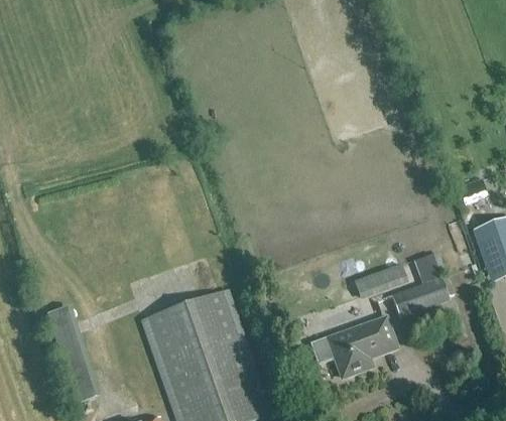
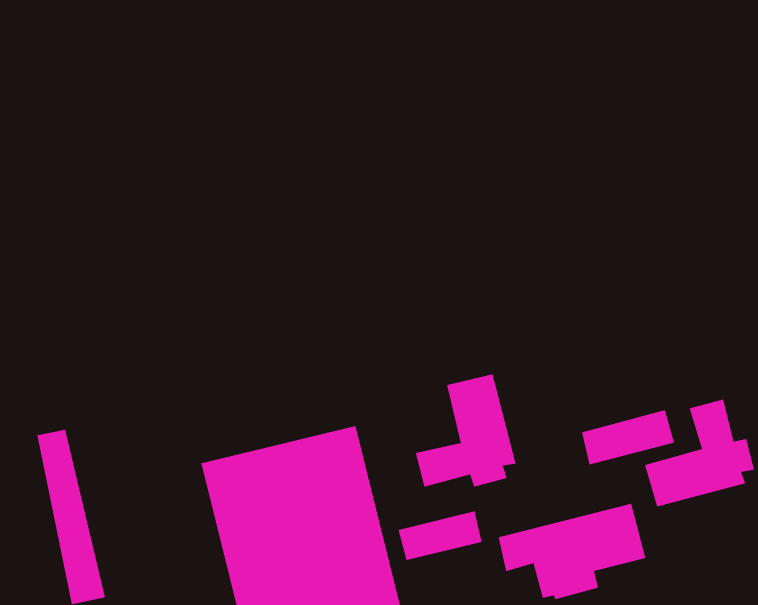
building: none -> [415,373,516,488]
building: none -> [398,510,482,561]

